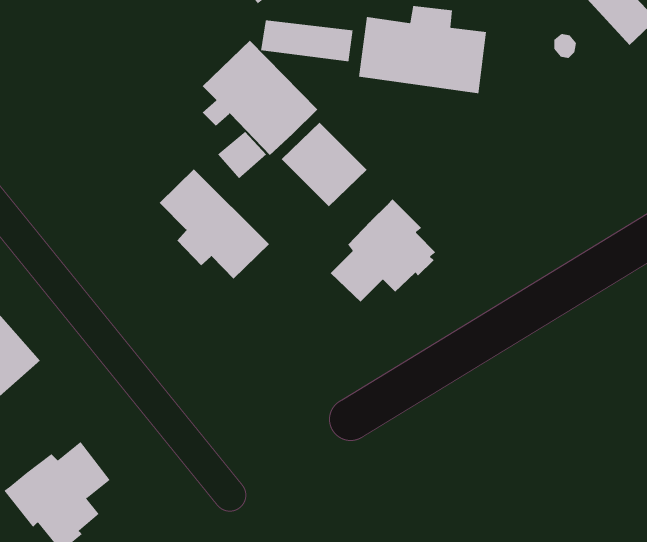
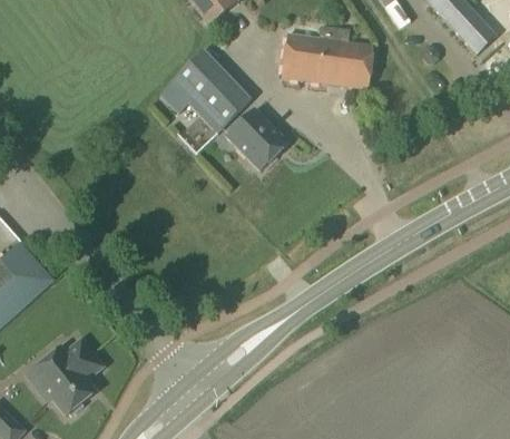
building: [261,19,353,62] -> none
building: [159,168,270,279] -> none
building: [330,199,436,302] -> none

